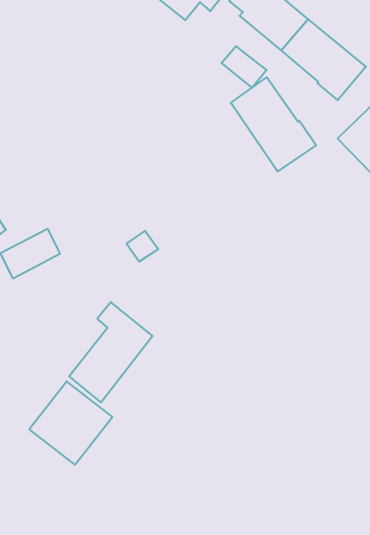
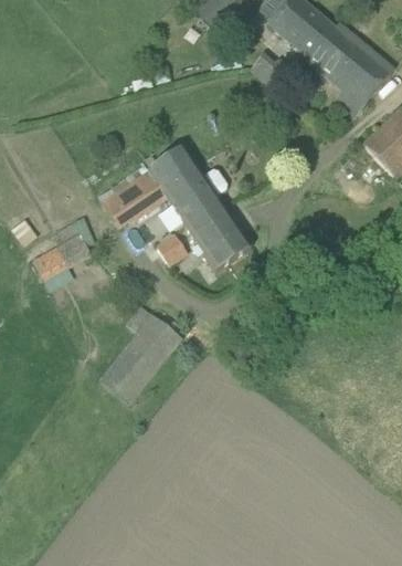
building: [231,77,316,172] -> none
building: none -> [102,145,251,270]
building: [29,381,112,465] -> none

